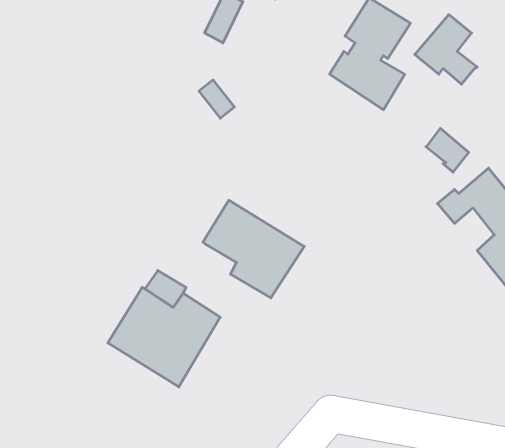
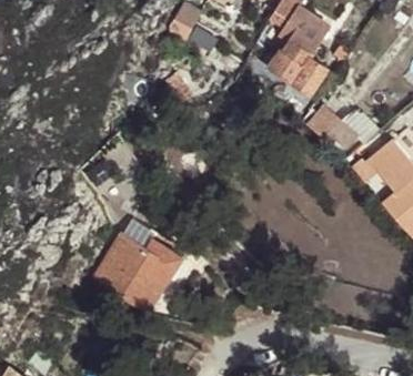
building: [415,15,477,84] -> [310,94,359,149]
building: [203,200,304,298] -> none

